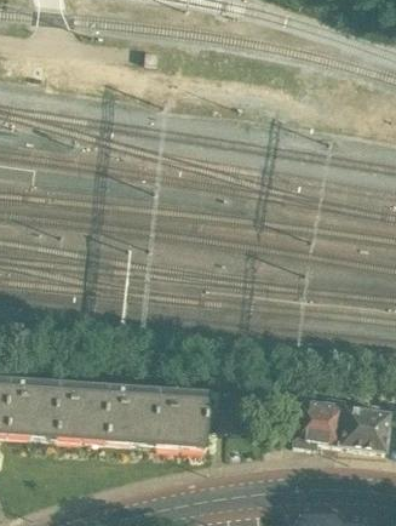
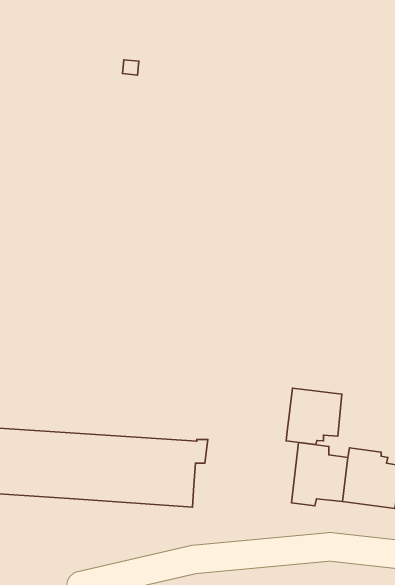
building: none -> [286,388,342,444]

